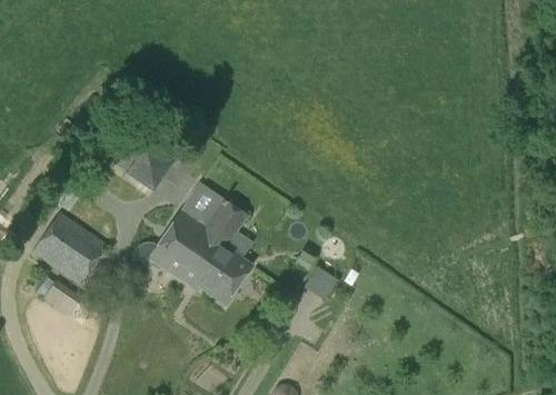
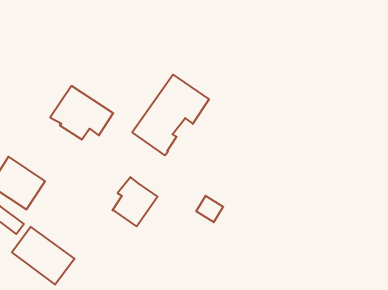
building: [147,184,247,289] -> [132,75,209,155]
building: none -> [12,227,75,285]

